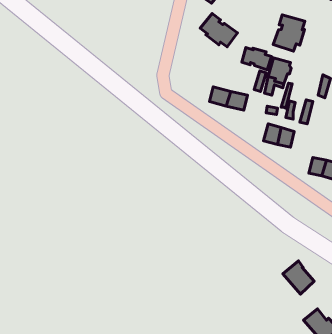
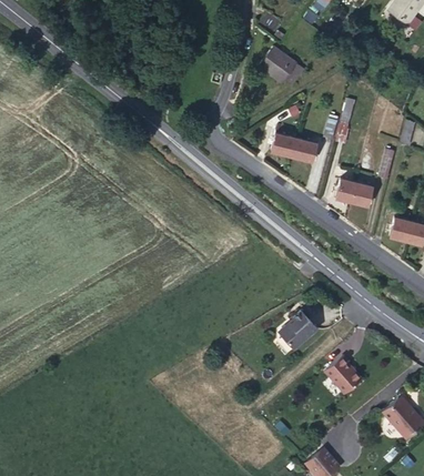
building: [273,15,305,51] -> none
building: [242,47,271,70] -> none
building: none -> [280,311,317,348]
building: [283,261,314,294] -> [324,354,362,394]

